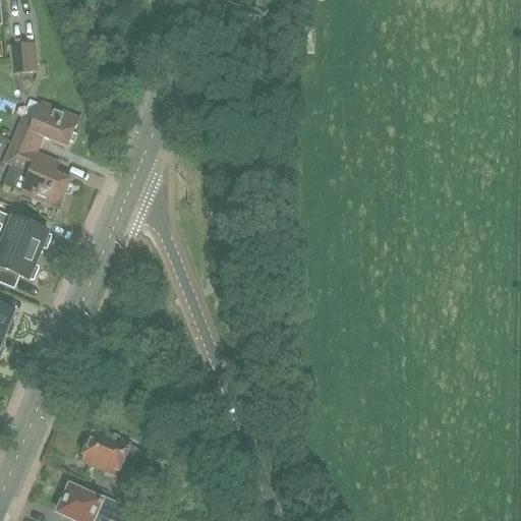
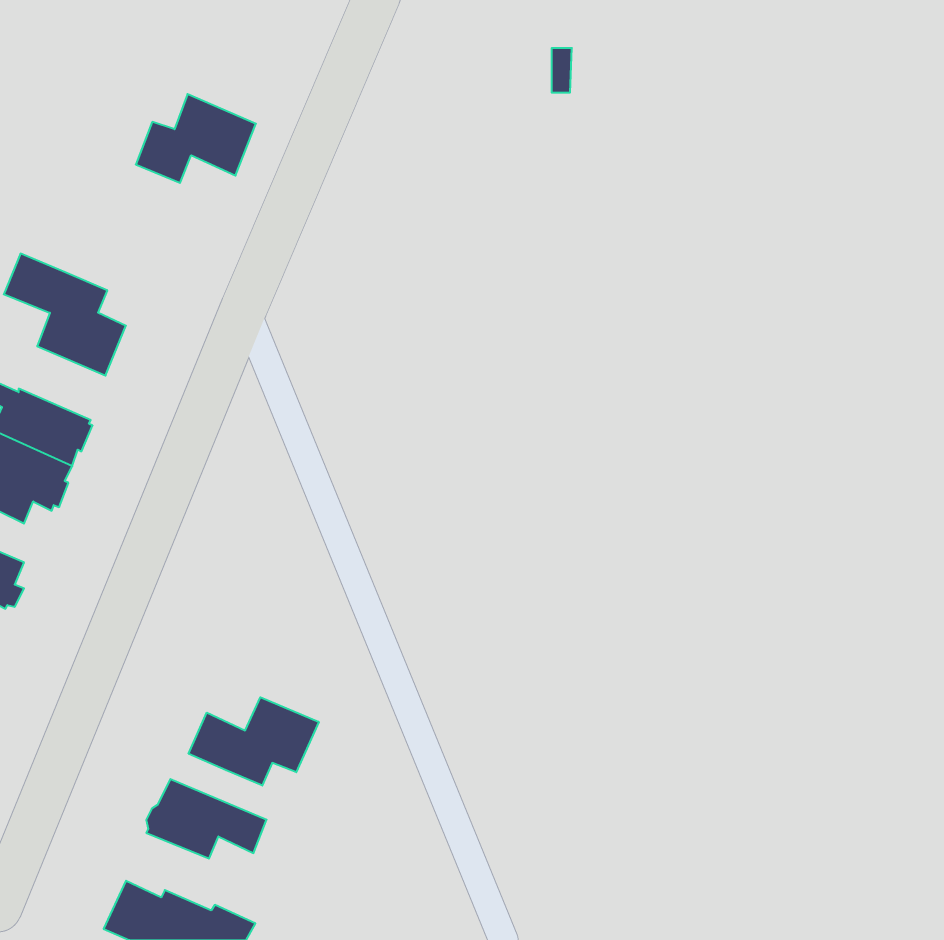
building: [8,42,38,73] -> none
building: [11,101,77,150] -> [136,94,256,183]
building: none -> [189,697,319,786]

